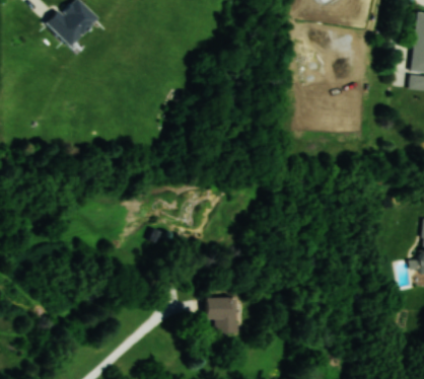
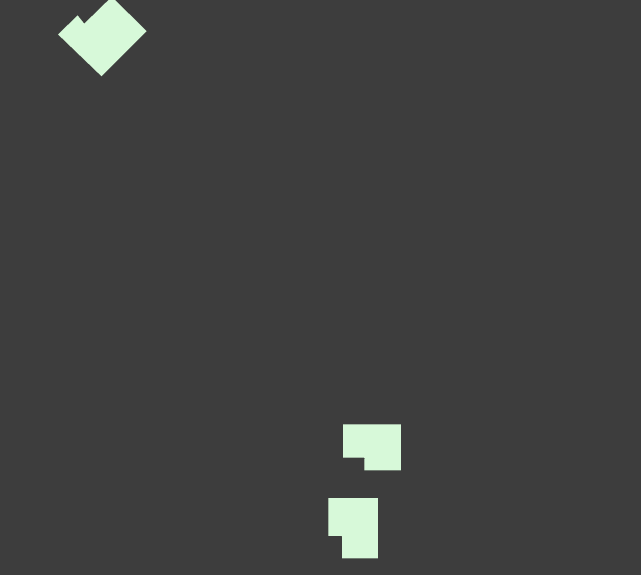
building: none -> [343,423,401,471]

